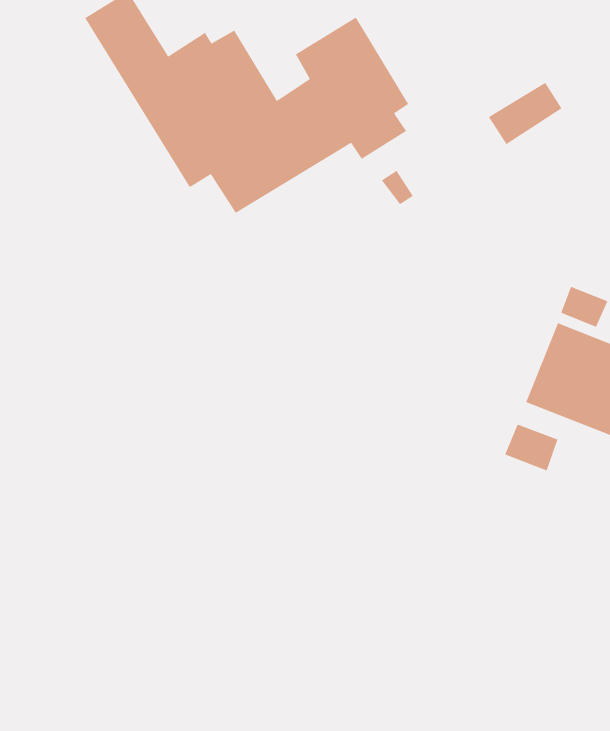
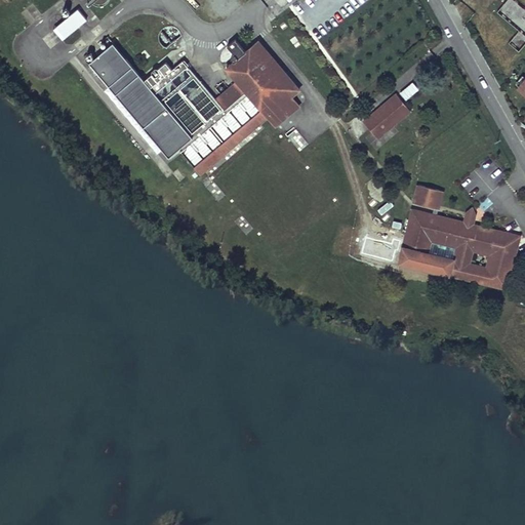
building: [488,82,563,145] -> [367,94,414,138]
building: [504,423,559,472] -> none

